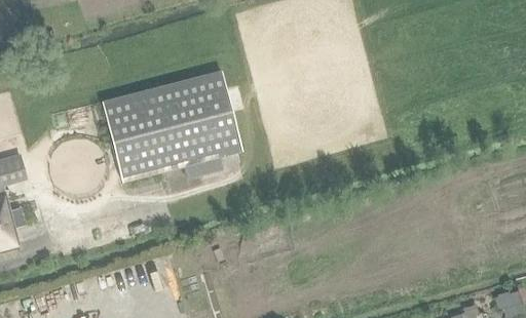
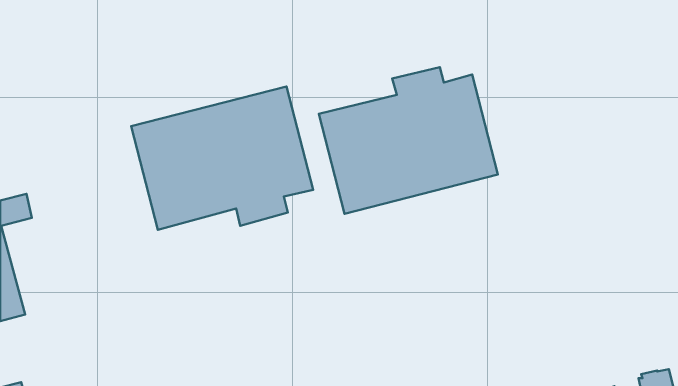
building: none -> [319,67,498,214]

